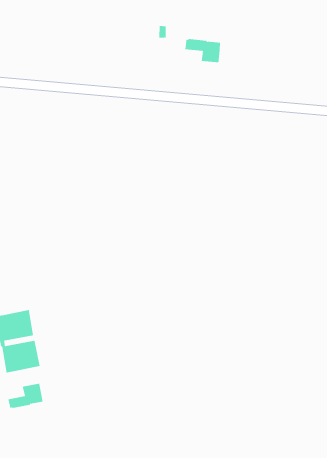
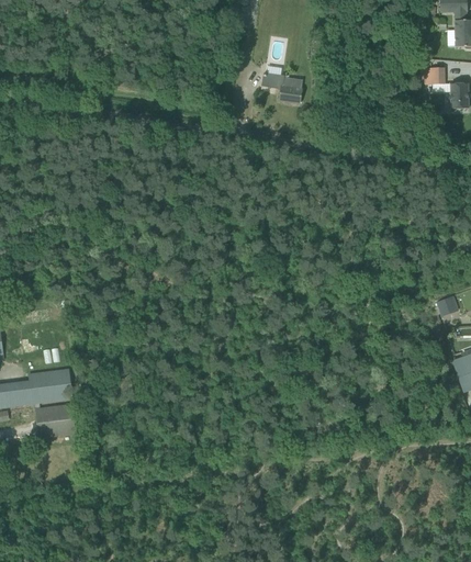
building: [8,383,43,409] -> none

